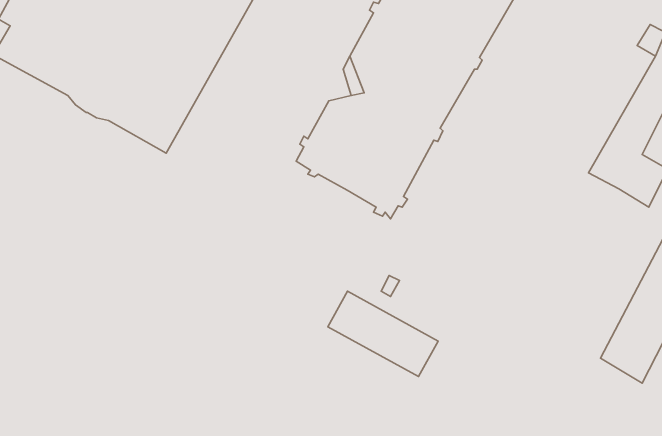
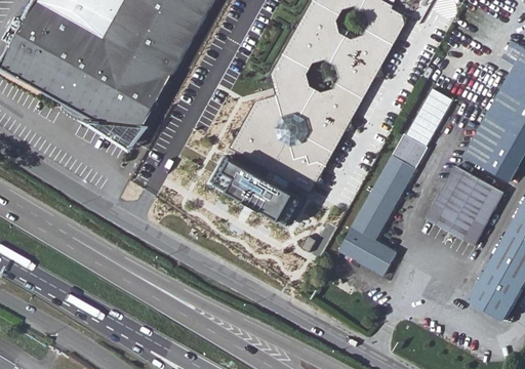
building: none -> [340,88,452,274]
building: none -> [428,165,503,243]
building: [328,291,438,377] -> [214,154,300,220]

